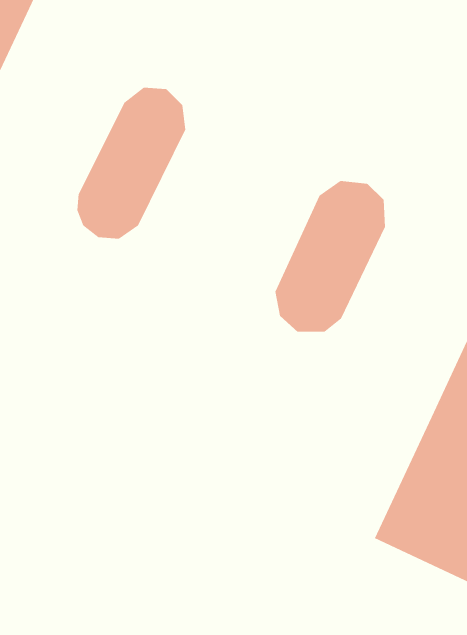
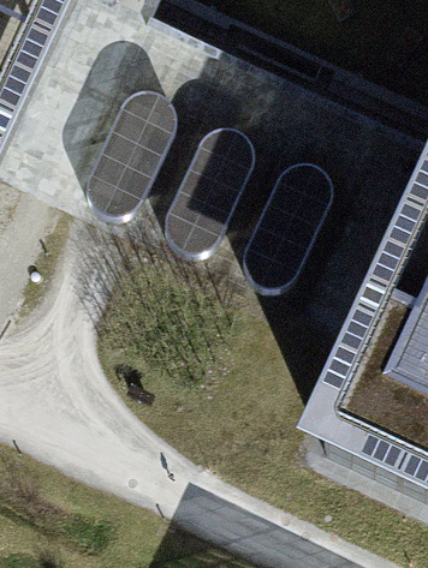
building: none -> [168,120,256,243]

